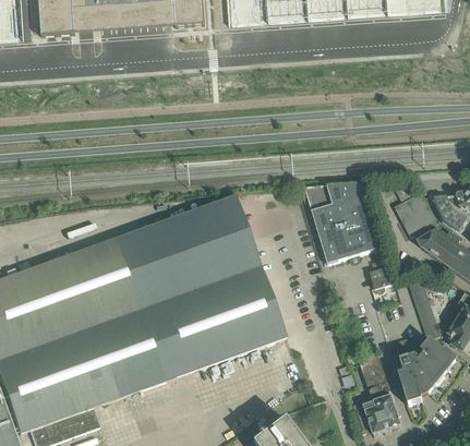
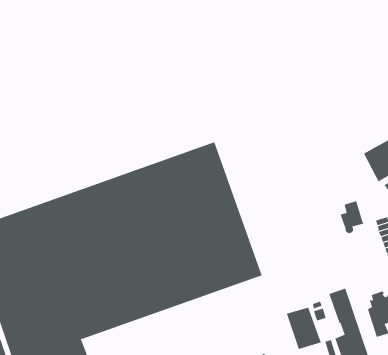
building: [304,183,379,264] -> none
building: none -> [286,307,322,350]

